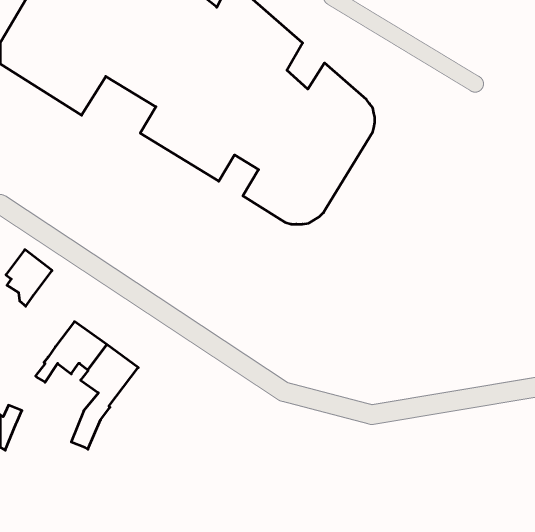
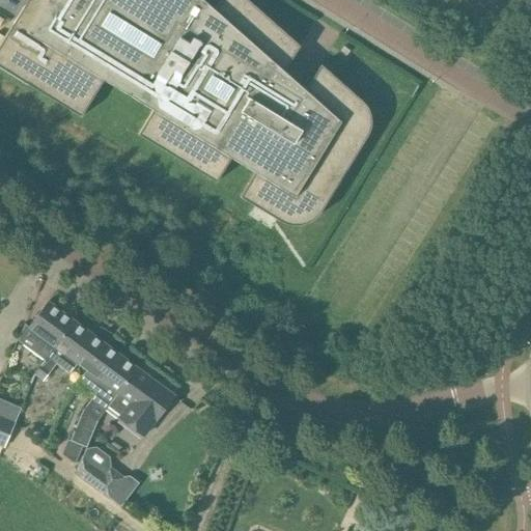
building: [6,250,52,306] -> [28,298,74,354]
building: none -> [108,364,173,431]
building: none -> [75,452,127,497]

